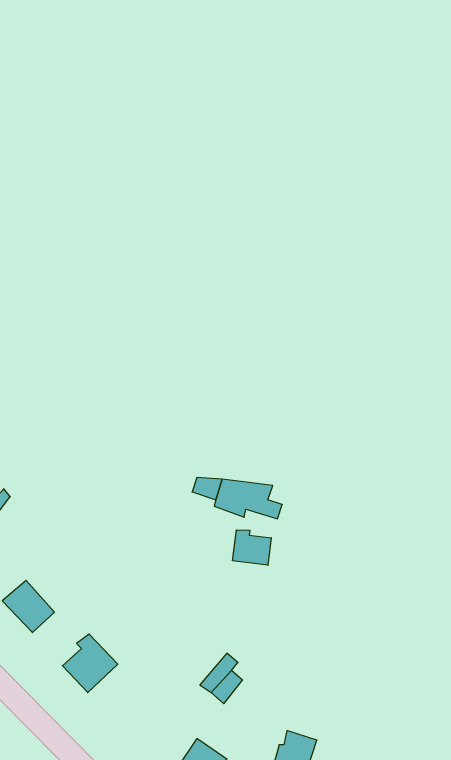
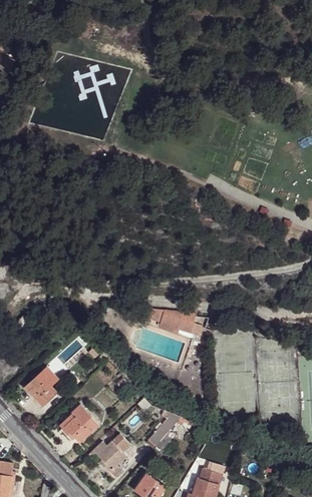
building: [233,530,271,565] -> none
building: none -> [96,441,127,478]

